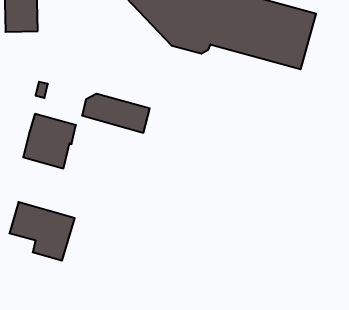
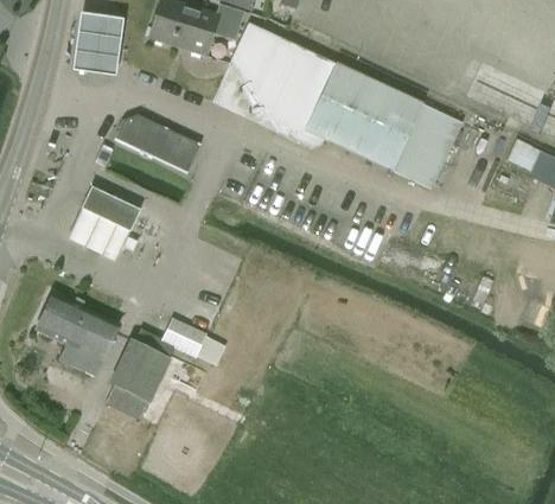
building: [82,94,150,133] -> [115,114,200,172]
building: none -> [106,317,208,426]

